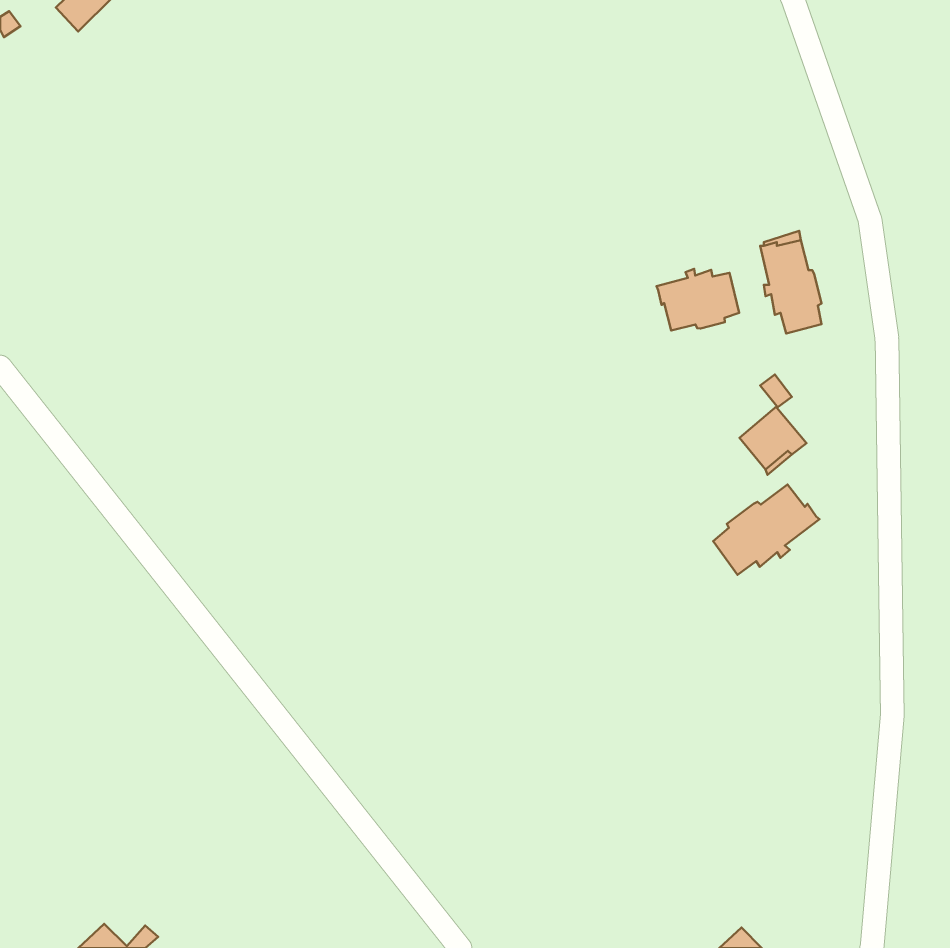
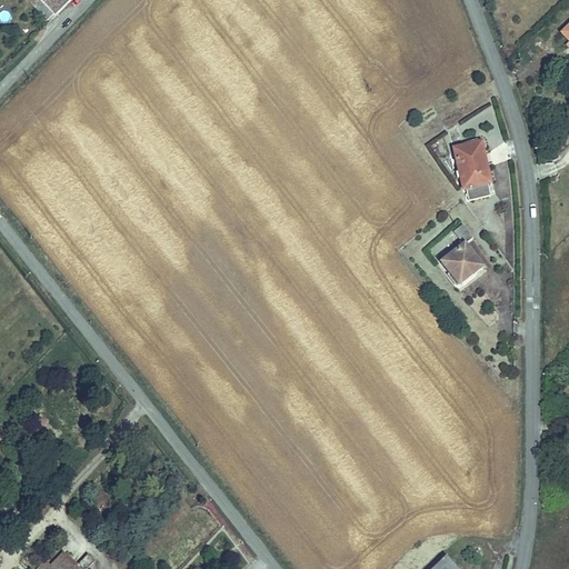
building: [656,269,739,330] -> none
building: [713,485,819,575] -> none

